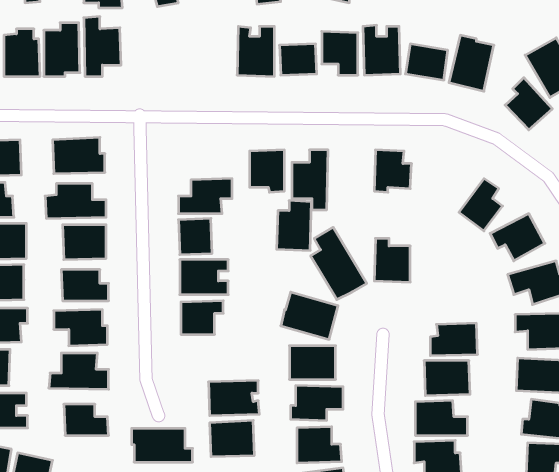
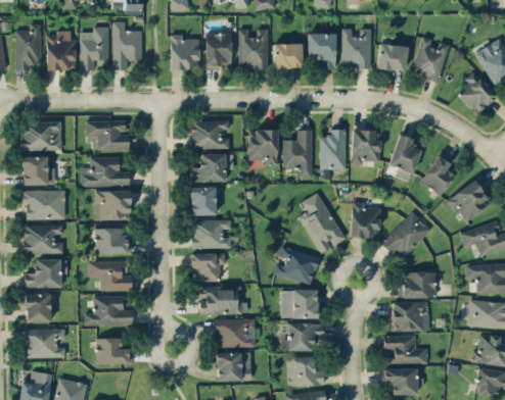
building: none -> [170,34,200,69]
building: none -> [205,34,233,69]
building: none -> [189,119,230,149]
building: none -> [388,134,422,173]
building: [277,201,312,250] -> [319,129,348,169]
building: none -> [380,212,430,256]
building: [132,428,193,462] -> [198,286,248,313]

